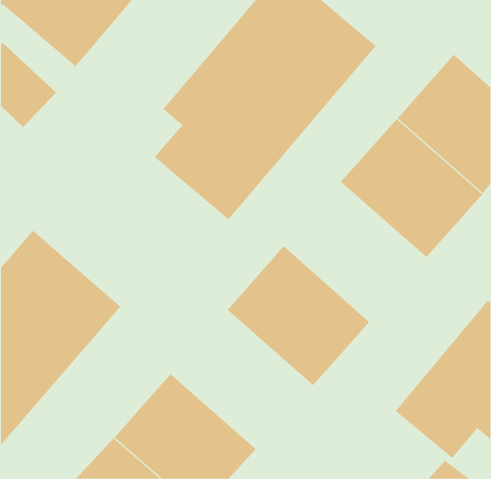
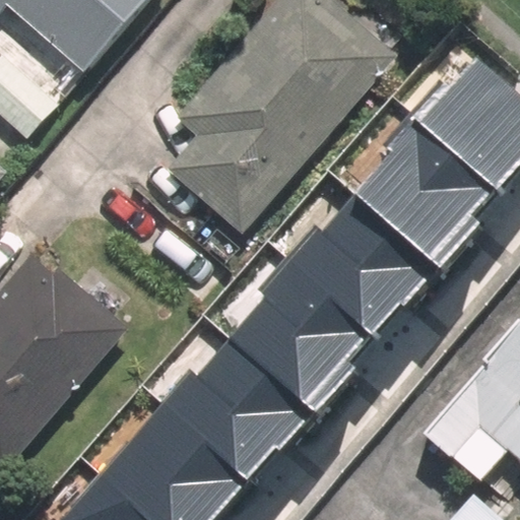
building: none -> [300,192,451,340]
building: none -> [180,327,331,474]

